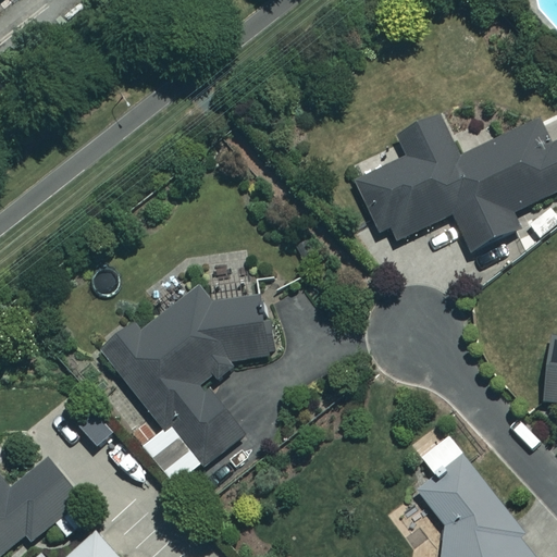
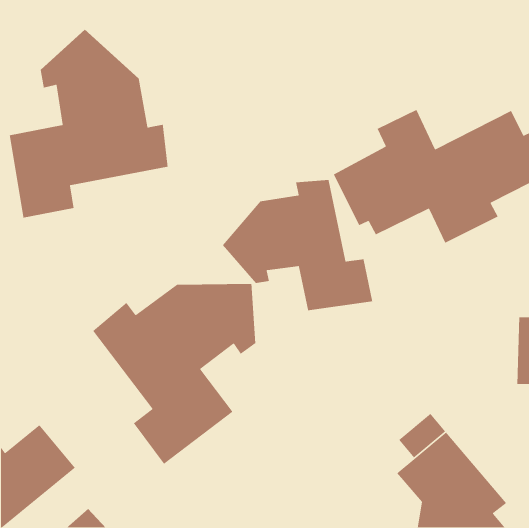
building: none -> [9,29,168,219]
building: none -> [222,179,373,311]

